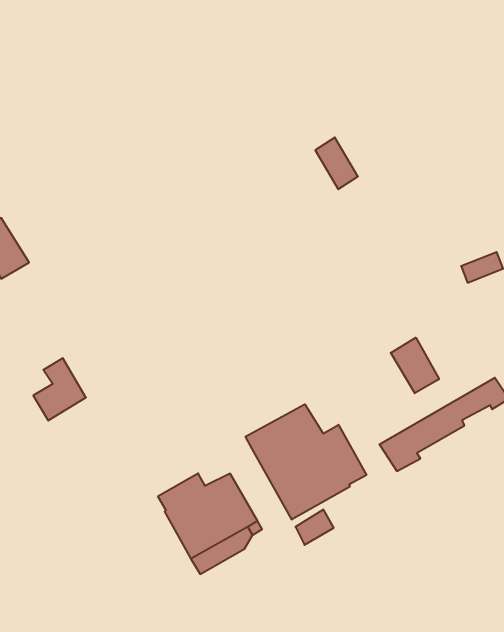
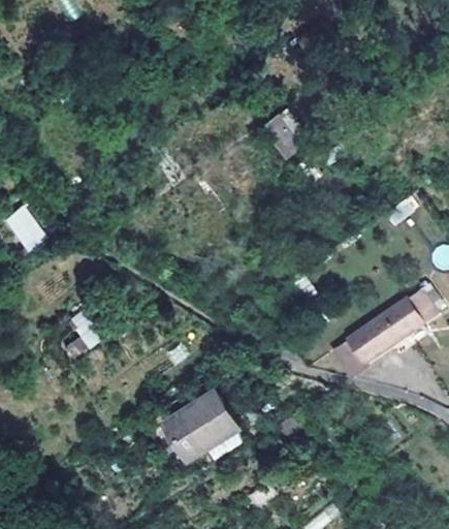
building: [391,338,439,393] -> none
building: [246,404,366,520] -> none

